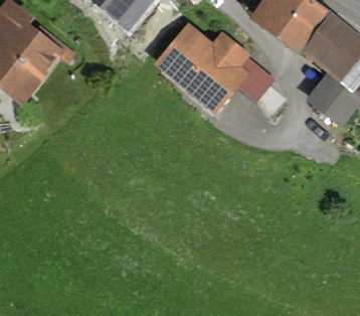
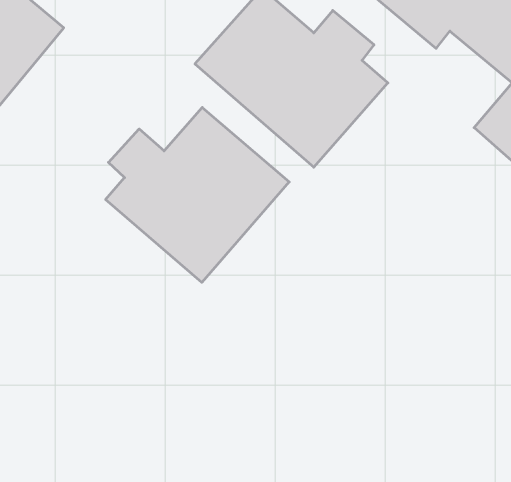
building: none -> [106,107,289,282]

